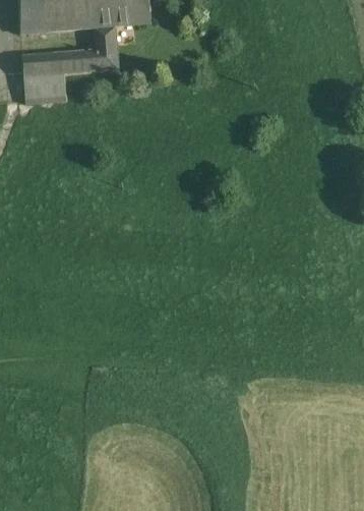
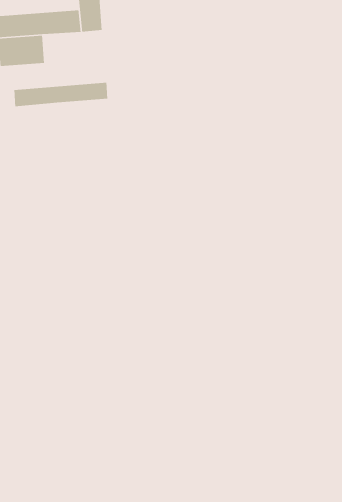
building: none -> [14,82,108,107]

